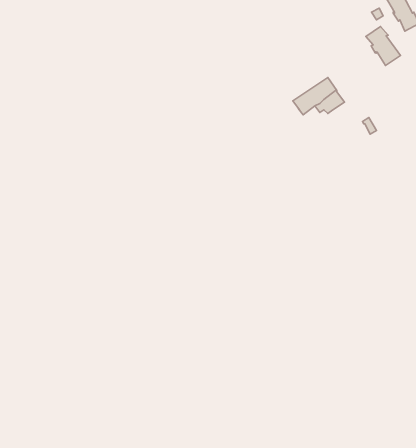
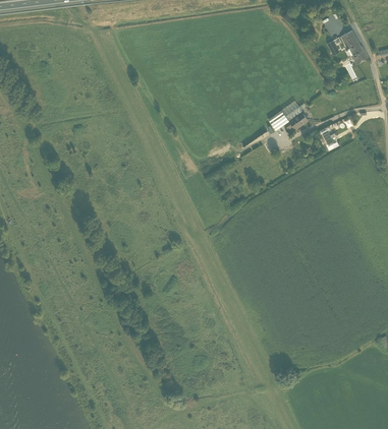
building: [366,27,400,65] -> none

